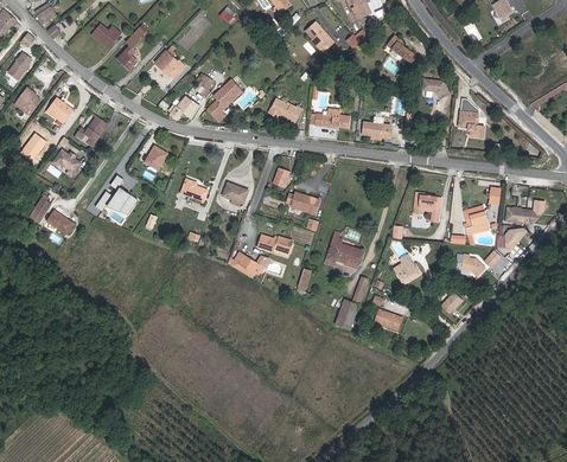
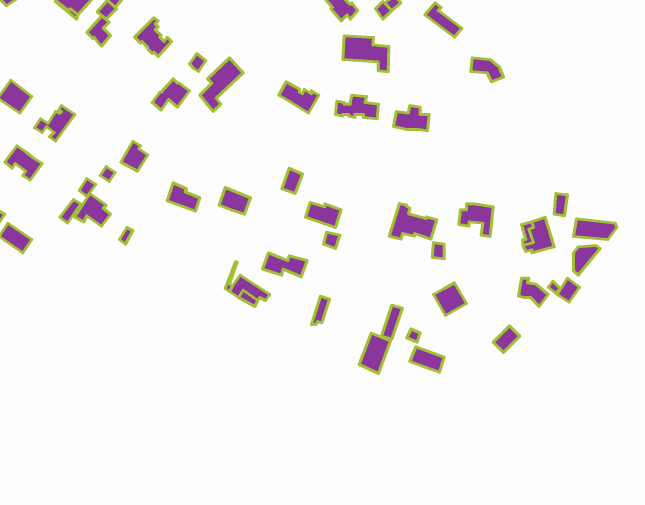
building: none -> [343,36,389,72]
building: [459,97,484,136] -> none
building: [325,236,363,264] -> [389,204,437,239]

